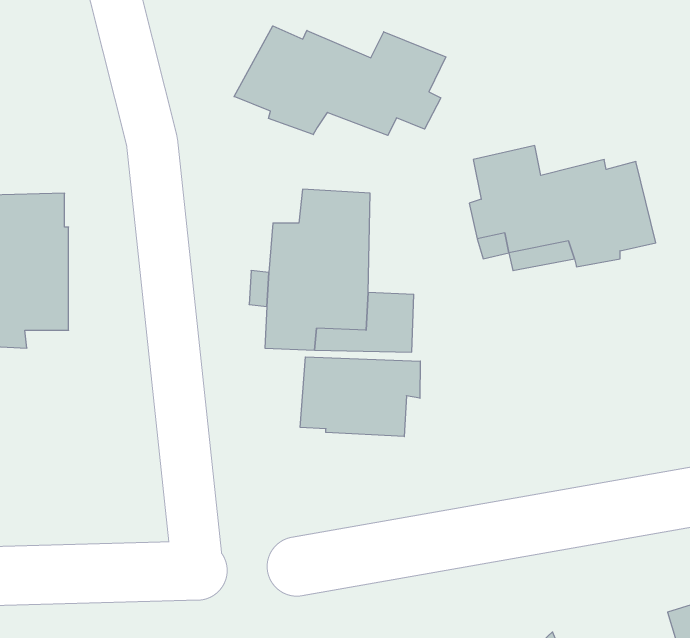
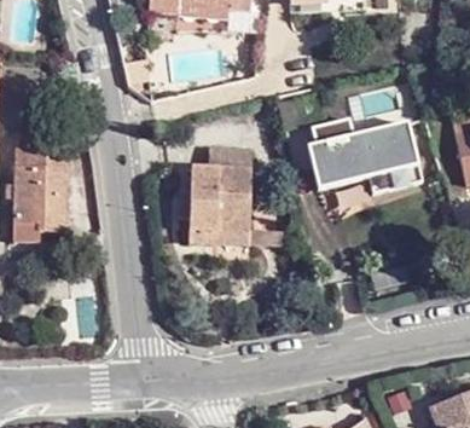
building: [234,26,446,135] -> none
building: [300,357,420,437] -> none

